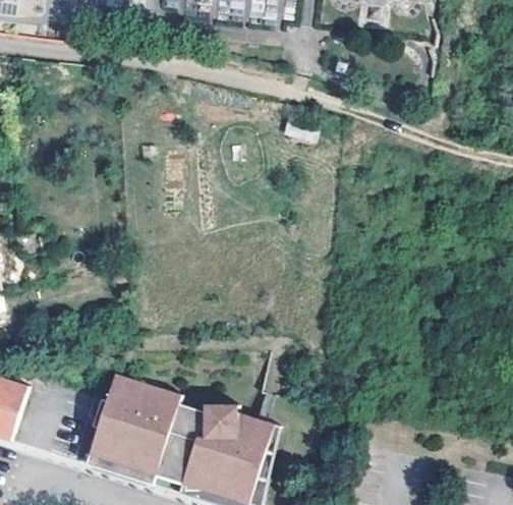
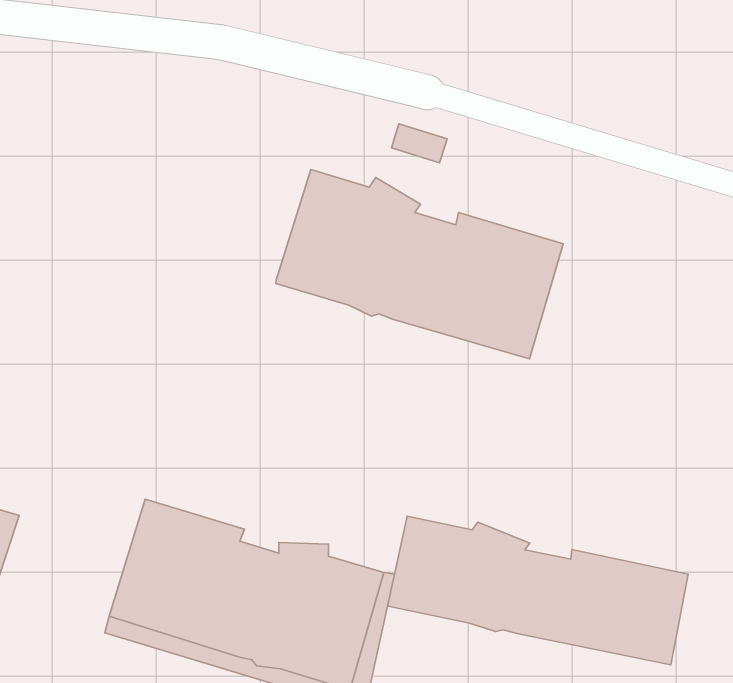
building: none -> [276,169,563,359]
building: none -> [388,516,688,665]

